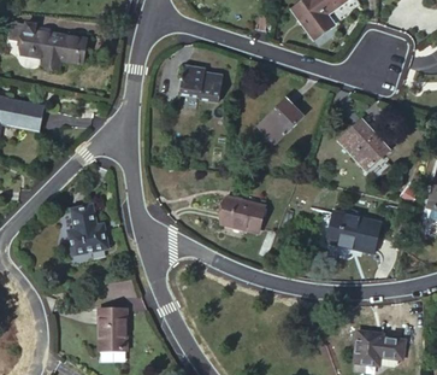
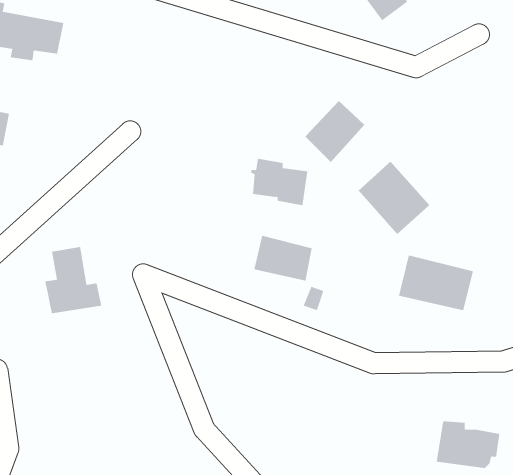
building: [181,65,223,100] -> [250,158,308,206]
building: [337,117,390,171] -> [358,161,430,235]
building: [99,305,126,347] -> none

